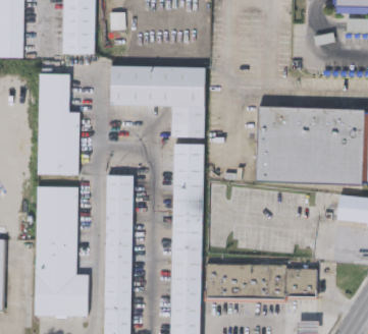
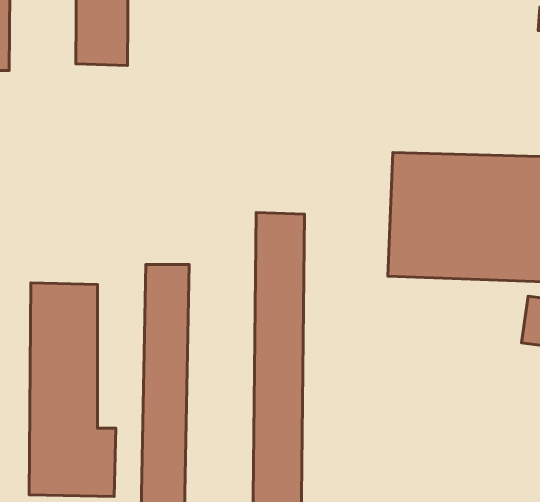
building: [109,65,205,138] -> none
building: [38,73,78,174] -> none
building: [205,264,316,300] -> none

